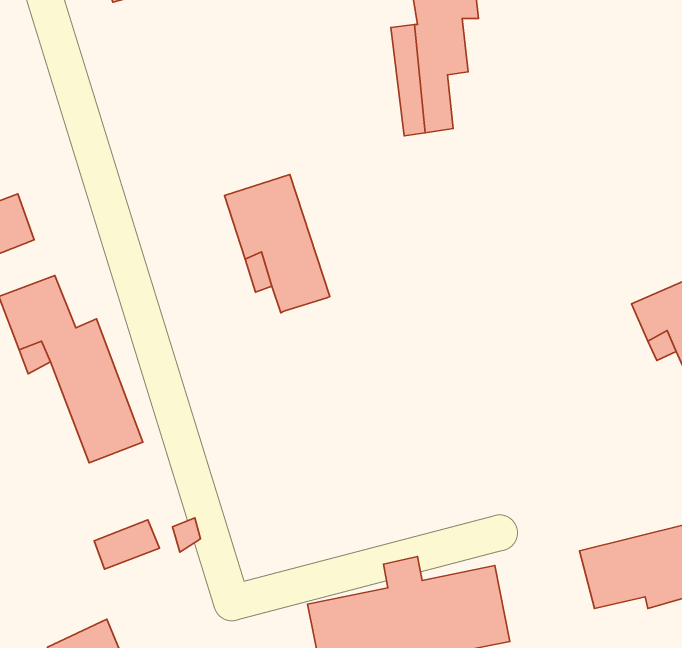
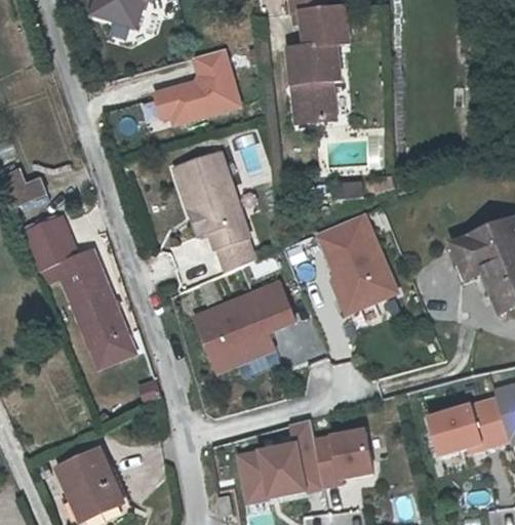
building: none -> [160,50,250,132]
building: none -> [314,216,391,317]
building: none -> [220,236,258,271]
building: none -> [188,284,288,373]
building: [94,520,160,569] -> [85,335,130,369]

